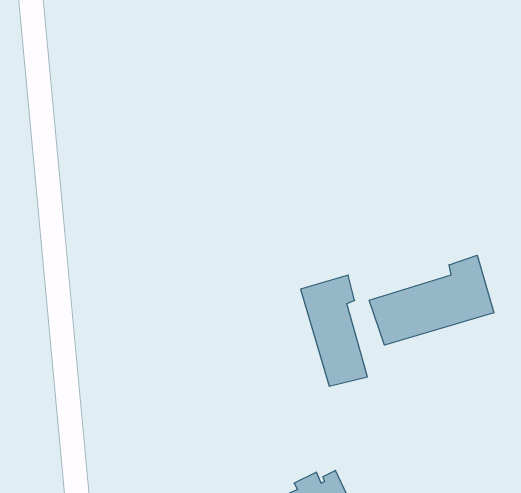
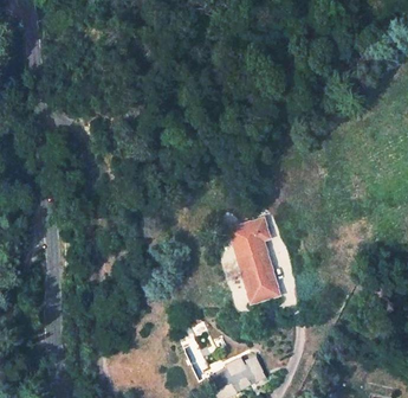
building: [369,255,494,345] -> none

